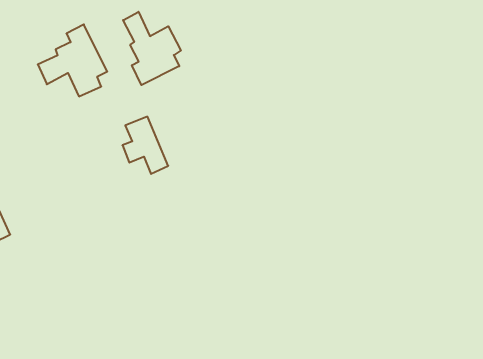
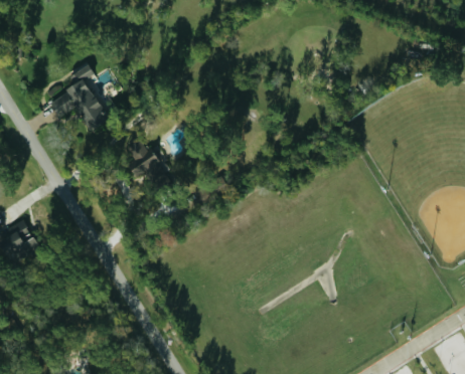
building: [123,12,181,85] -> none

